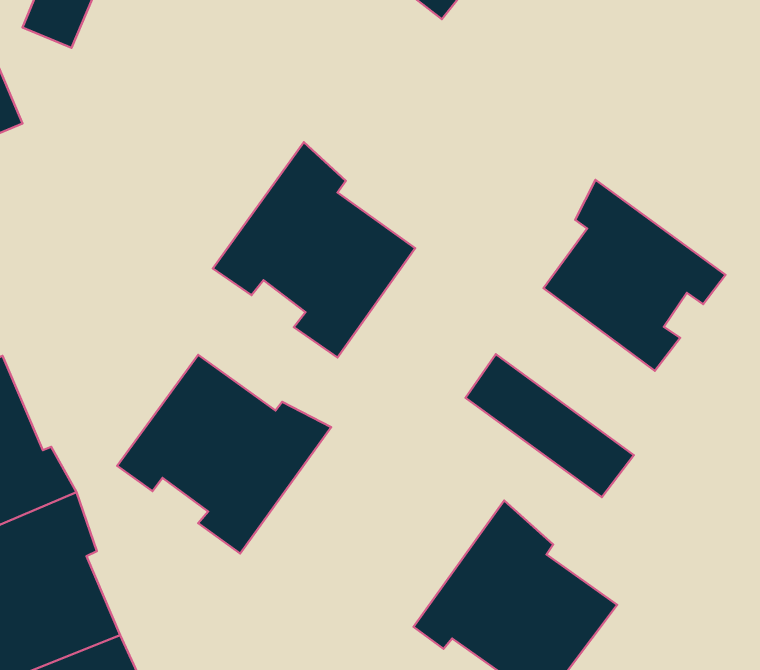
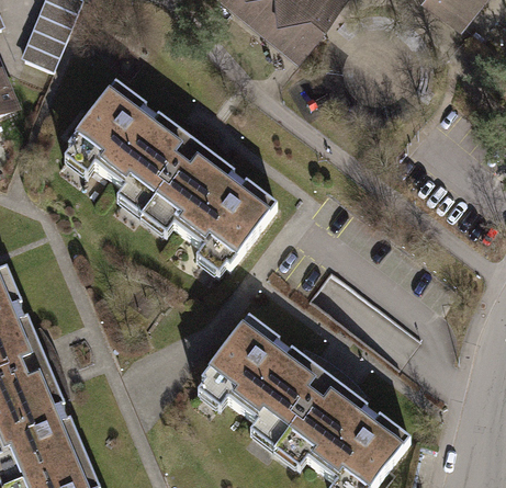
building: none -> [64,87,203,215]
building: [543,180,725,371] -> none
building: [117,355,331,553] -> [194,319,334,449]

